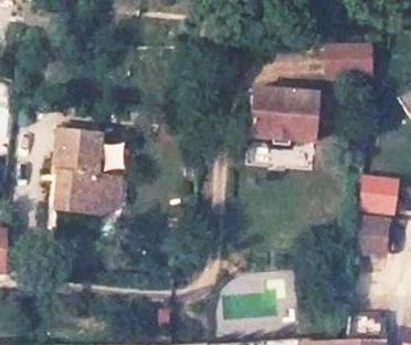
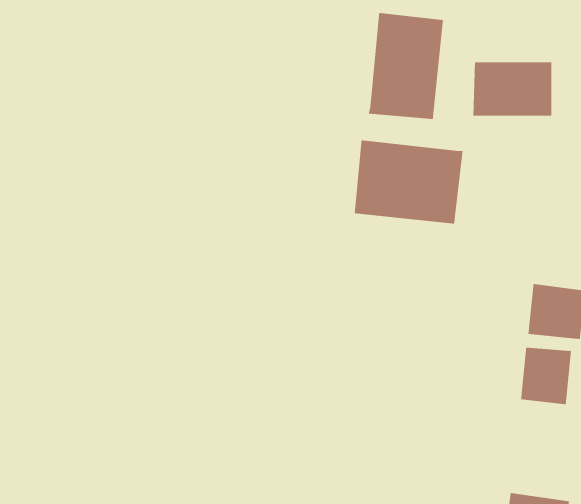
building: none -> [368,12,444,120]
building: [52,129,119,211] -> none

